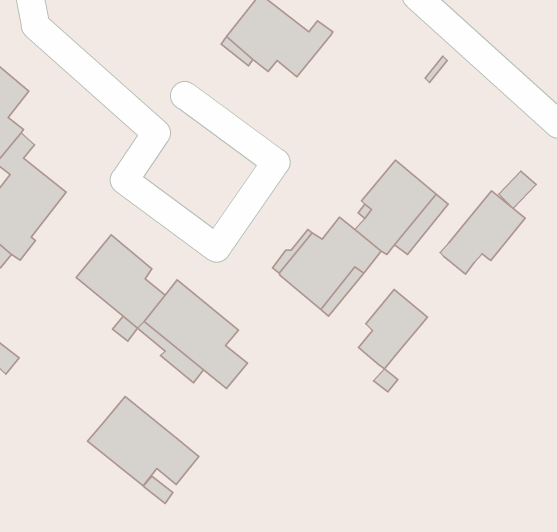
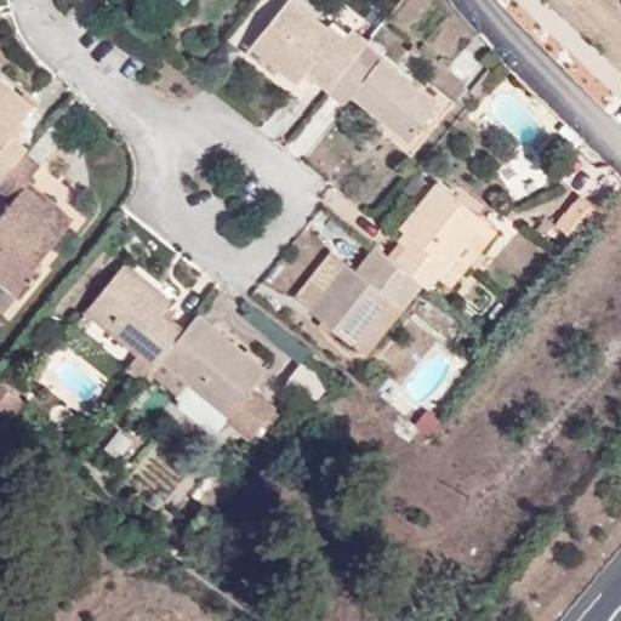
building: none -> [329,45,437,142]
building: [440,191,525,274] -> none
building: [359,289,428,369] -> none
building: [88,396,199,486] -> none

